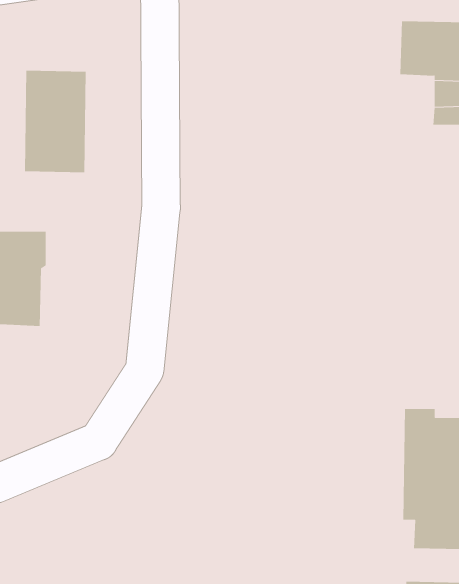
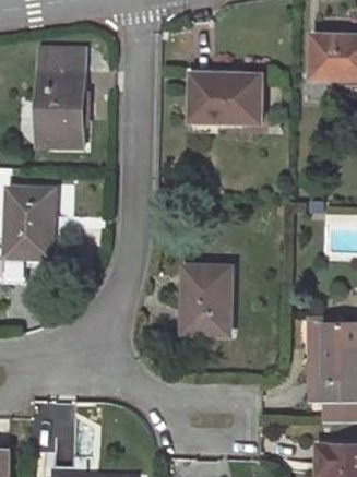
building: none -> [38,45,83,71]
building: none -> [193,75,261,119]
building: none -> [183,267,229,331]

